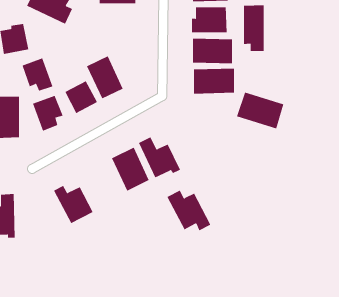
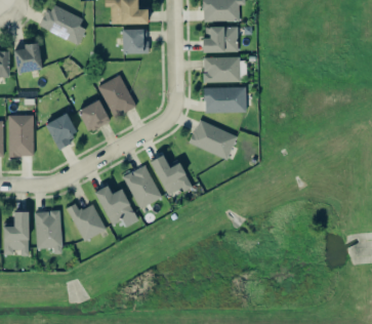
building: [243,5,264,52] -> none
building: none -> [123,29,149,53]
building: [22,57,53,92] -> none
building: [236,92,284,129] -> [190,121,237,158]
building: [167,190,211,231] -> [94,186,138,227]
building: none -> [36,210,63,253]

